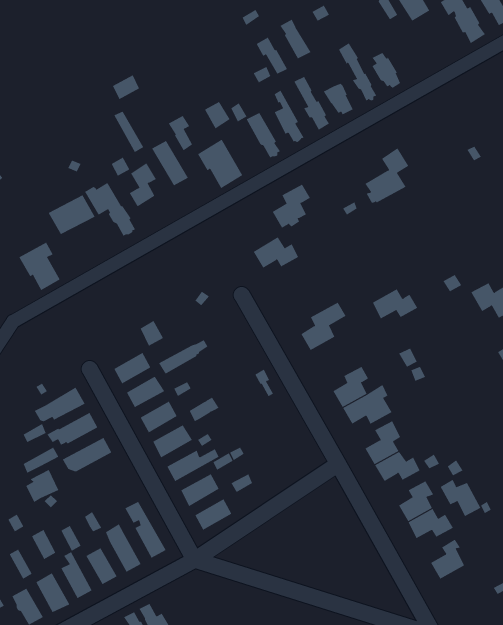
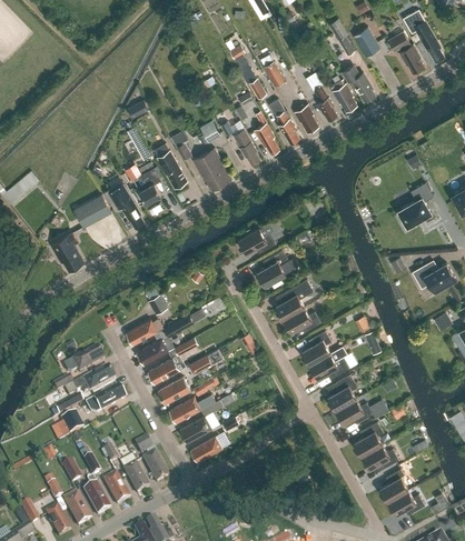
building: none -> [344,66,376,101]
building: [365,148,409,203] -> [397,182,433,227]
building: [272,184,311,229] -> [257,250,288,285]
building: [372,288,418,319] -> [284,308,320,332]
building: [440,479,481,517] -> none
building: none -> [387,490,424,514]

